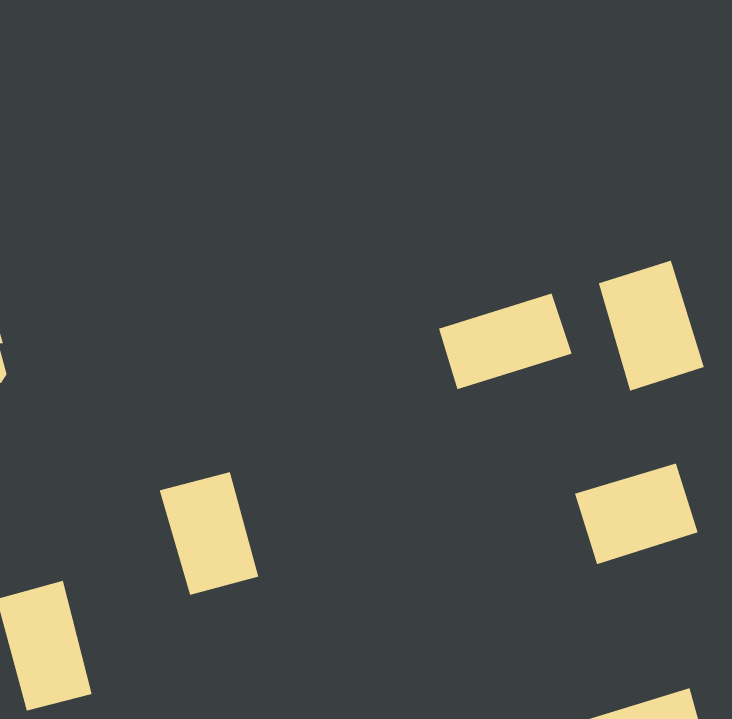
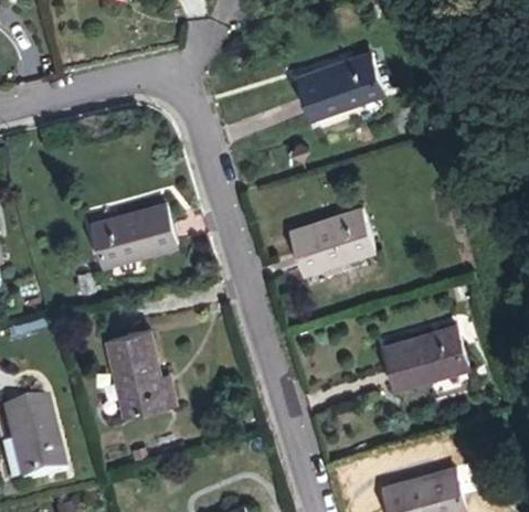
building: none -> [297,55,384,124]
building: none -> [92,192,179,258]
building: [598,260,705,391] -> none

